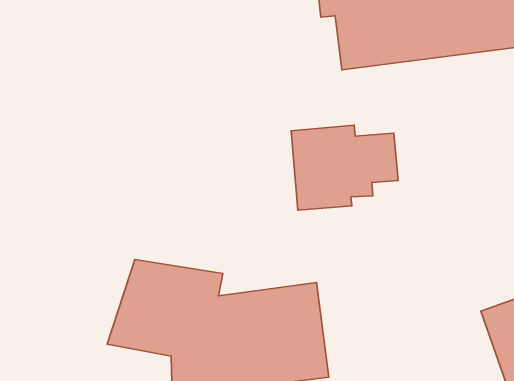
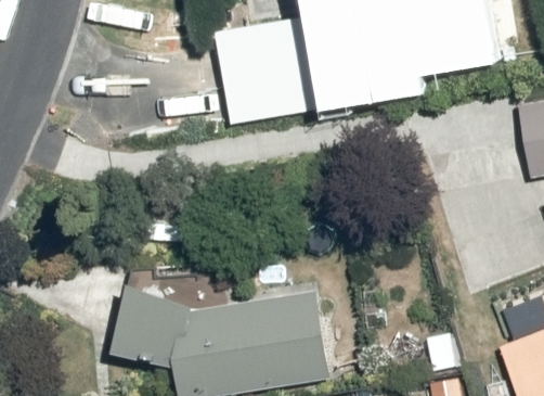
building: [291,125,398,210] -> [222,34,327,117]

